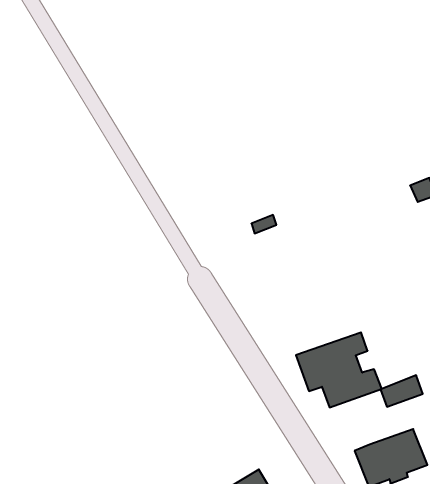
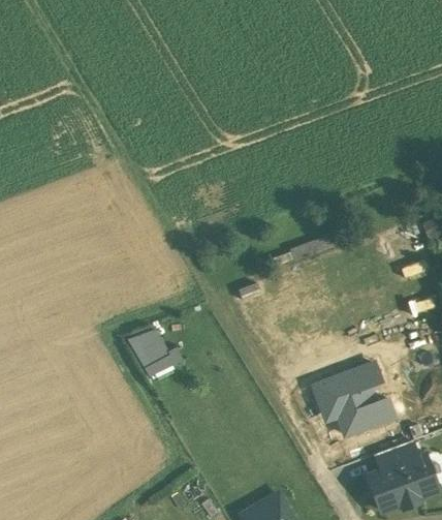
building: none -> [127,331,169,370]
building: [380,375,423,407] -> [377,441,417,471]

